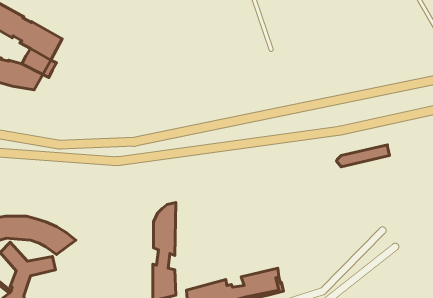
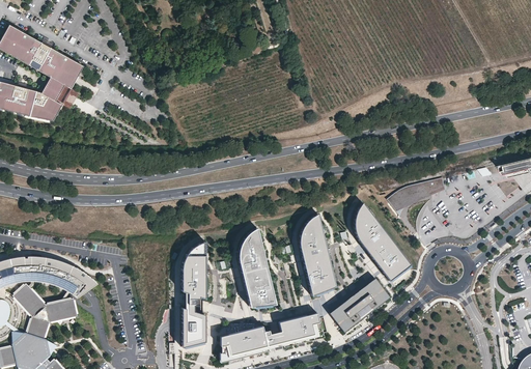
building: none -> [357,204,411,280]
building: none -> [300,215,335,296]
building: none -> [240,230,276,308]
building: none -> [329,278,389,333]

